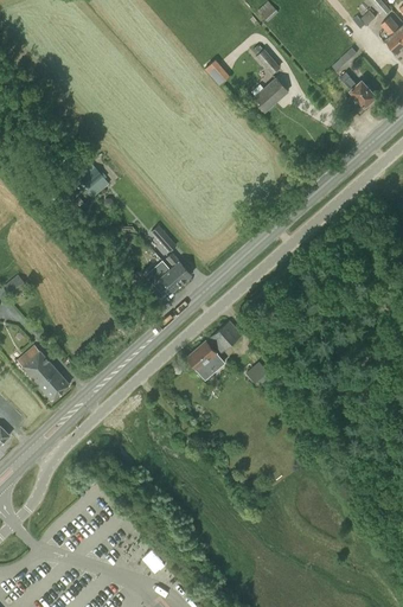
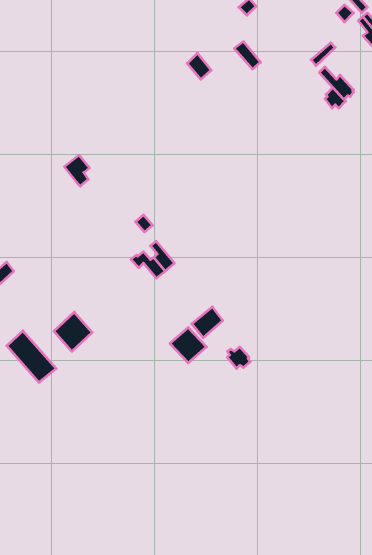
building: [255,78,288,110] -> none
building: none -> [54,312,92,351]

